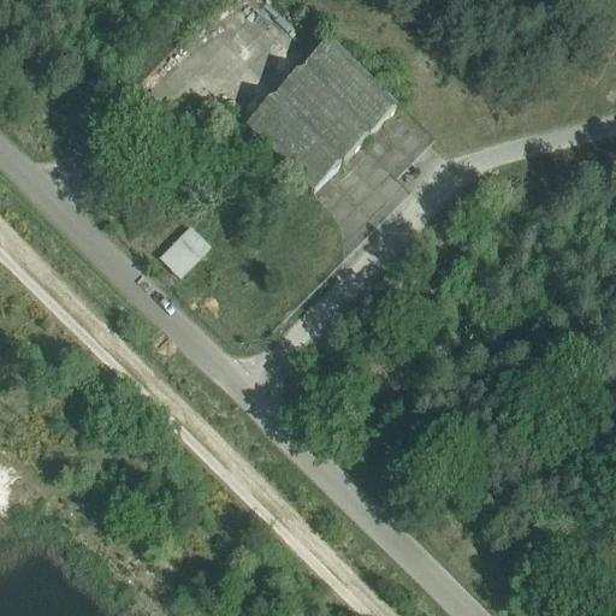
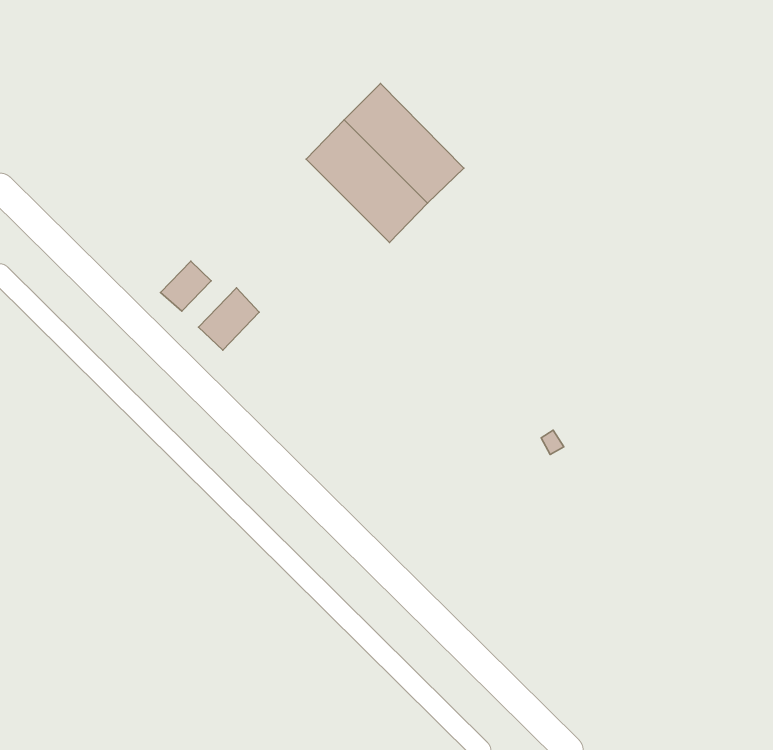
building: [303,42,393,134] -> none
building: none -> [161,261,211,311]

